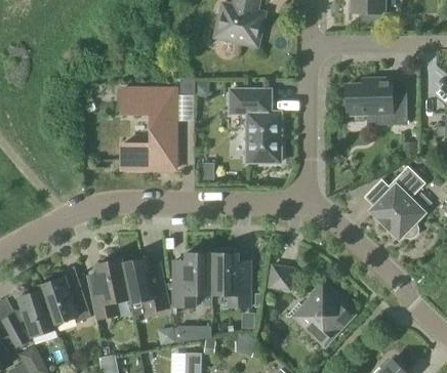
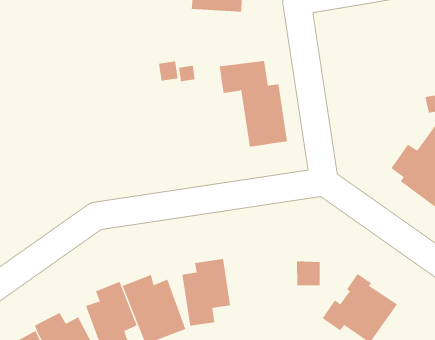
building: [347,79,407,125] -> none
building: [121,89,176,169] -> none
building: [210,253,250,306] -> none

